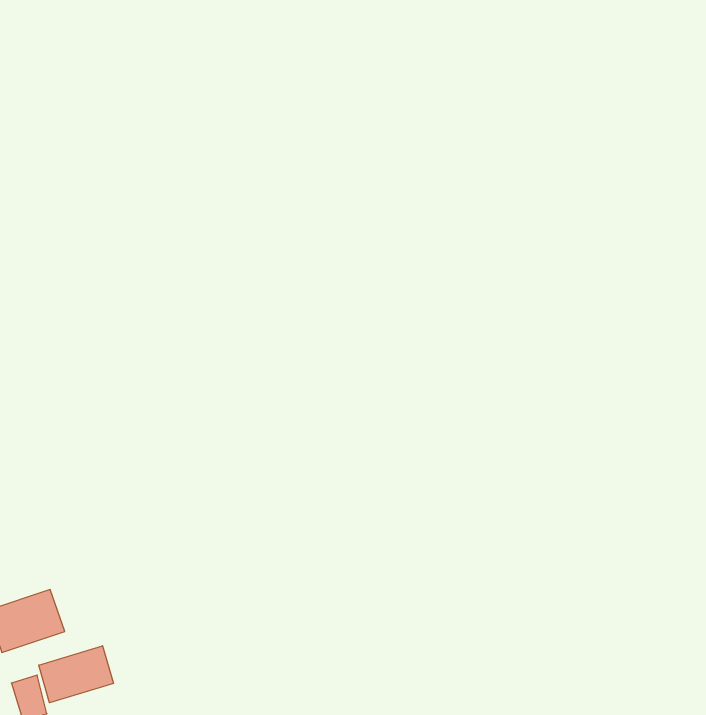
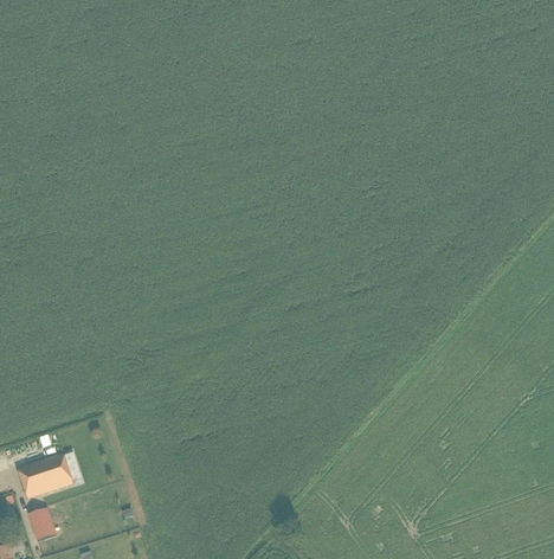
building: [39,646,113,703] -> none

